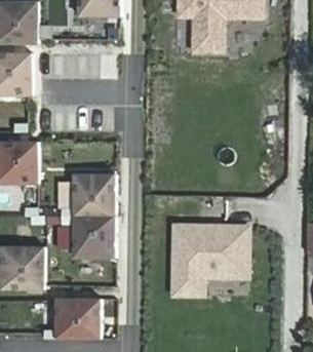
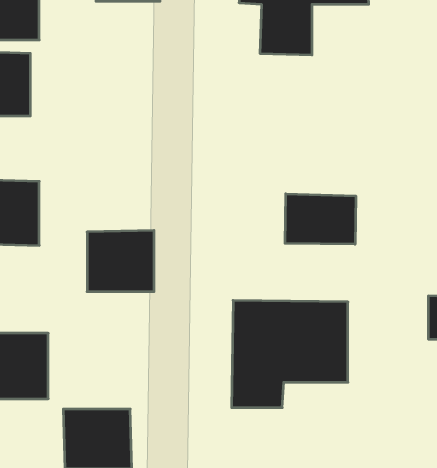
building: none -> [285,194,356,244]
building: [70,217,116,259] -> none

